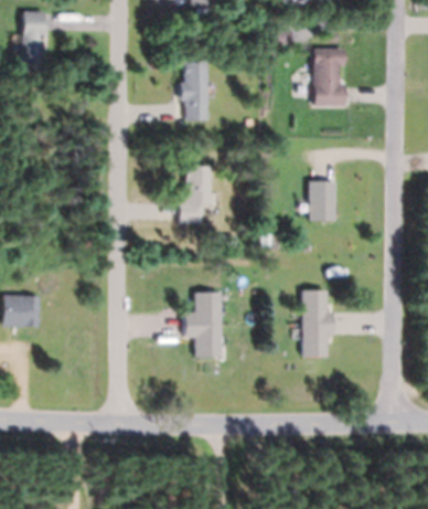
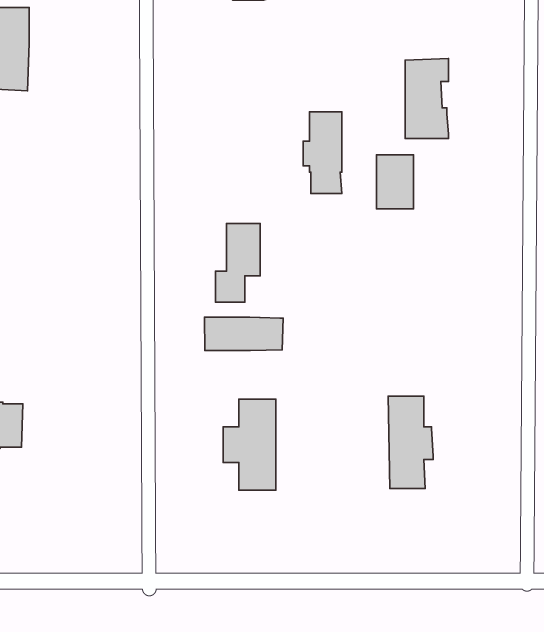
building: [180,62,207,120] -> [303,112,342,194]
building: [310,182,336,221] -> [377,155,414,209]
building: none -> [204,317,283,350]

